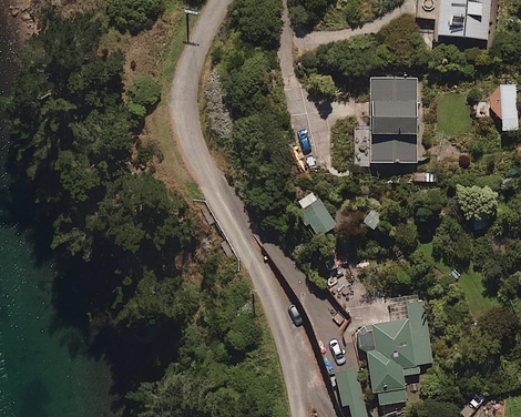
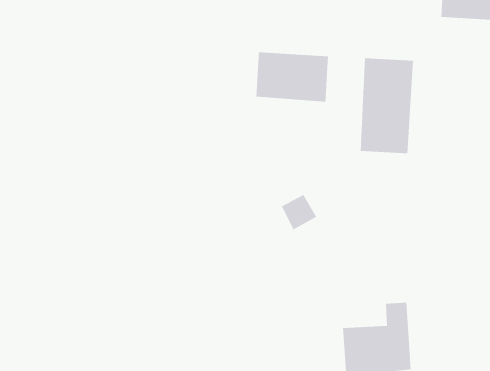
building: none -> [256,52,329,102]

